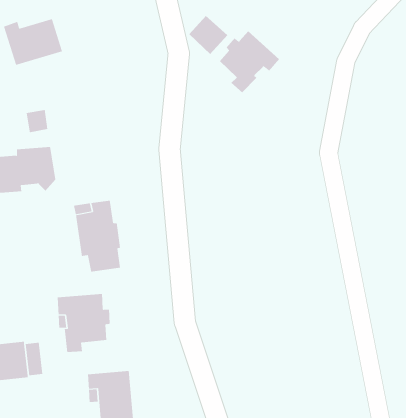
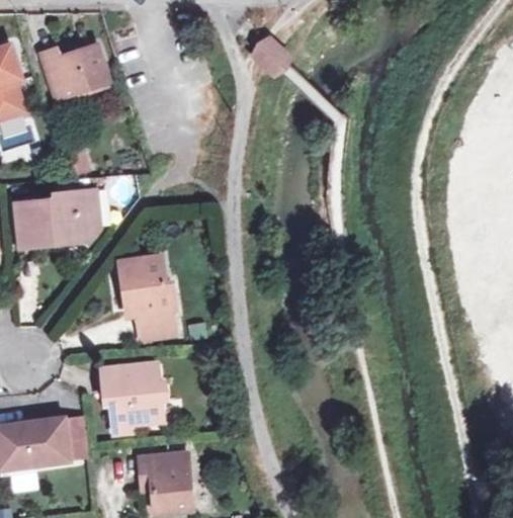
building: [219,30,280,93] -> none

